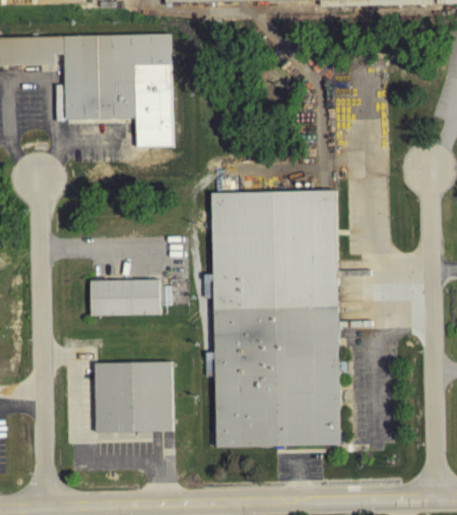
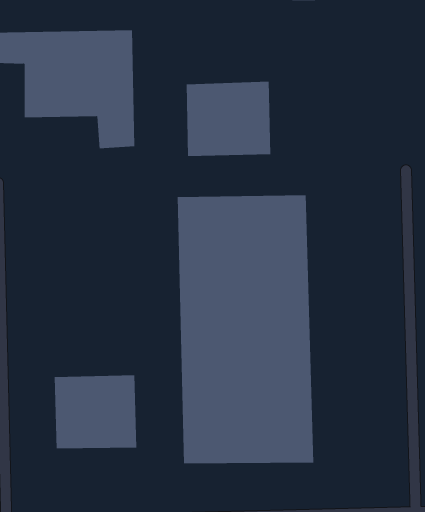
building: none -> [186,81,271,157]
building: [90,278,160,315] -> none

